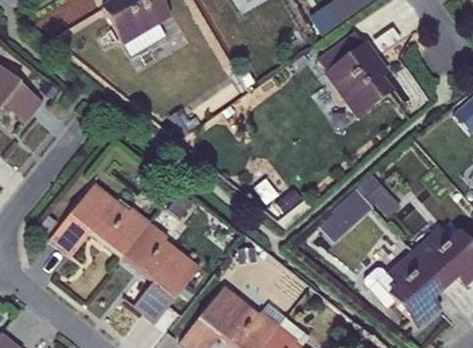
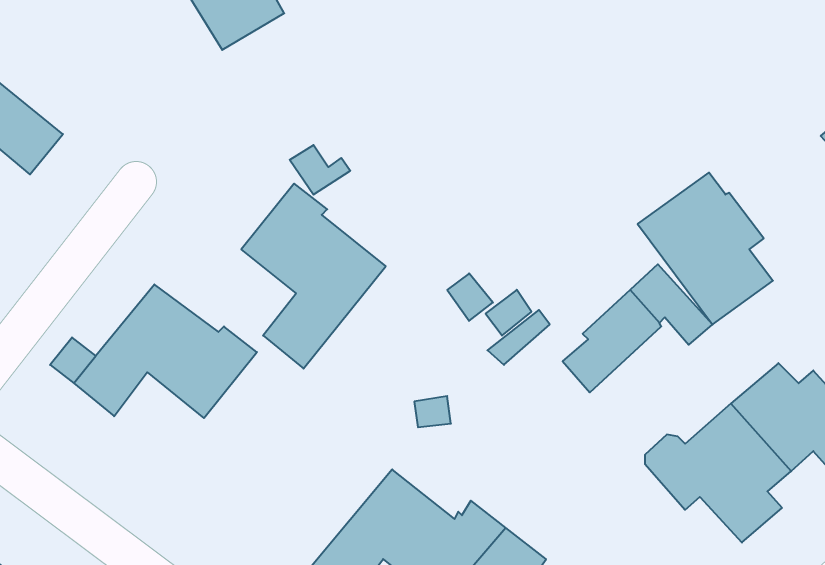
building: [316,31,390,115] -> [638,173,773,325]
building: [121,221,201,323] -> [241,184,386,369]

